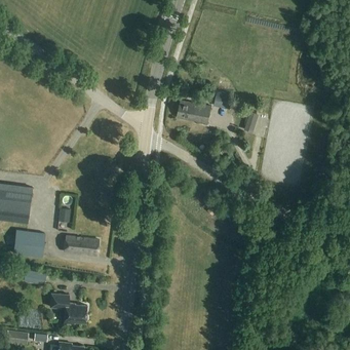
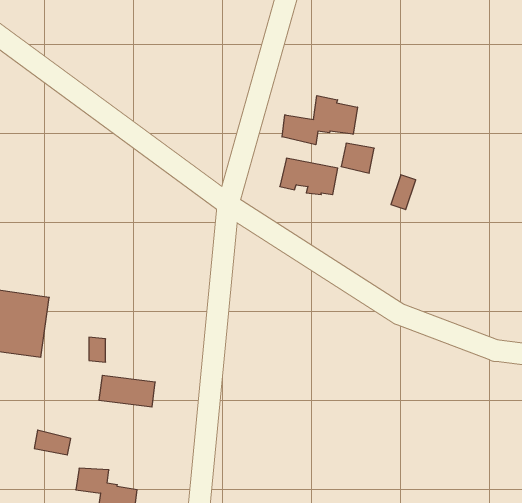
building: none -> [282,96,357,145]
building: [12,231,49,259] -> none

